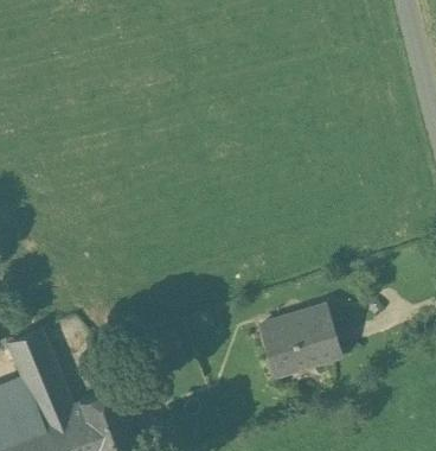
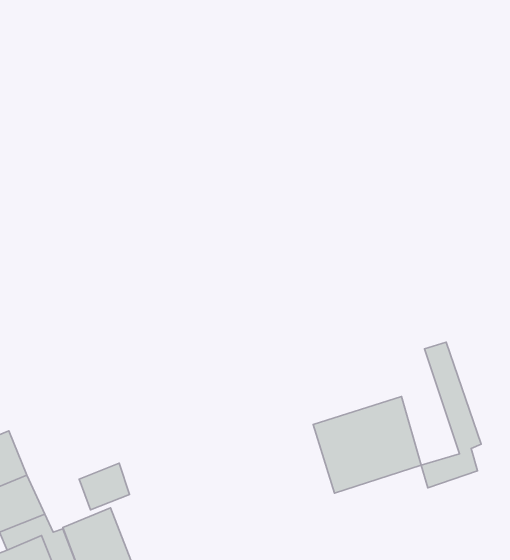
building: none -> [421,342,481,488]
building: none -> [79,463,130,510]

